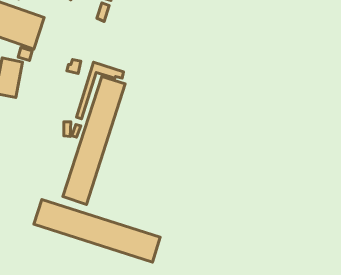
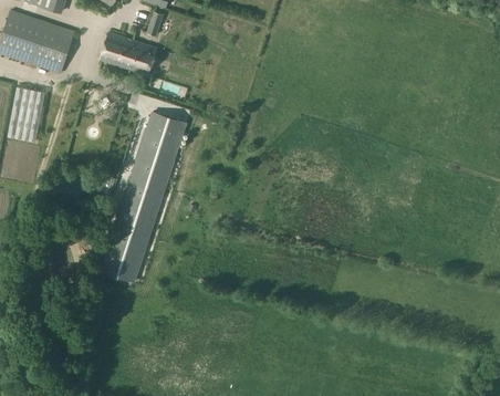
building: none -> [101,33,157,76]
building: [34,199,160,262] -> none

